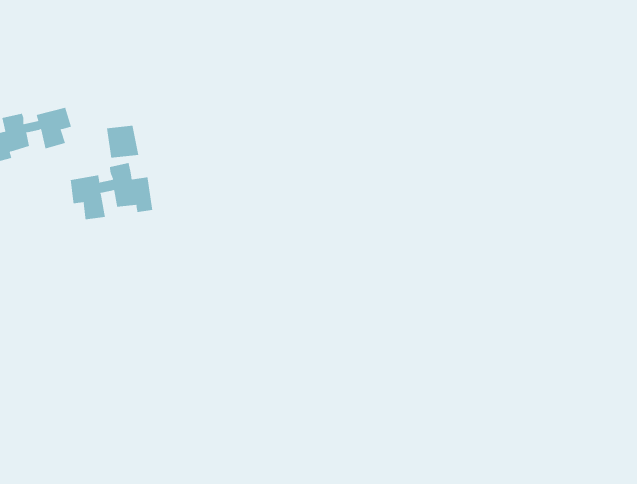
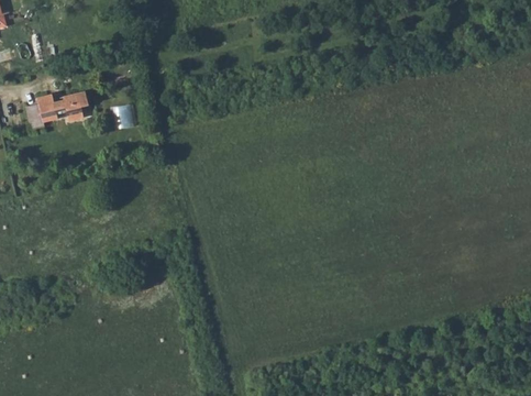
building: [70,162,153,220] -> none

